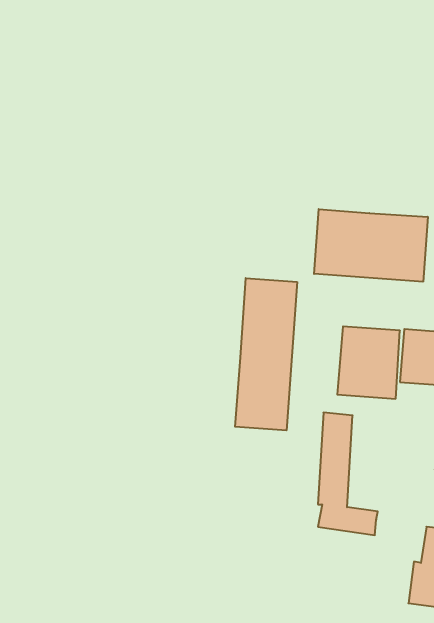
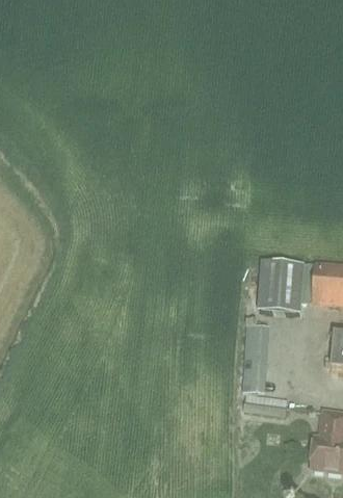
building: [314,209,428,282] -> none
building: [235,278,297,430] -> none

